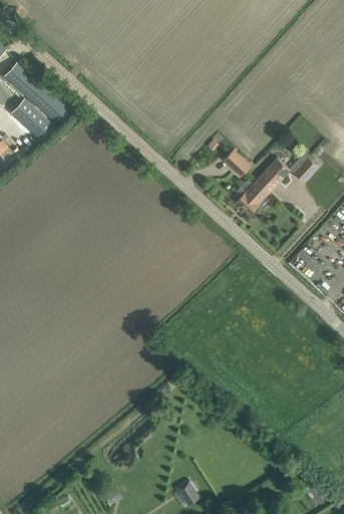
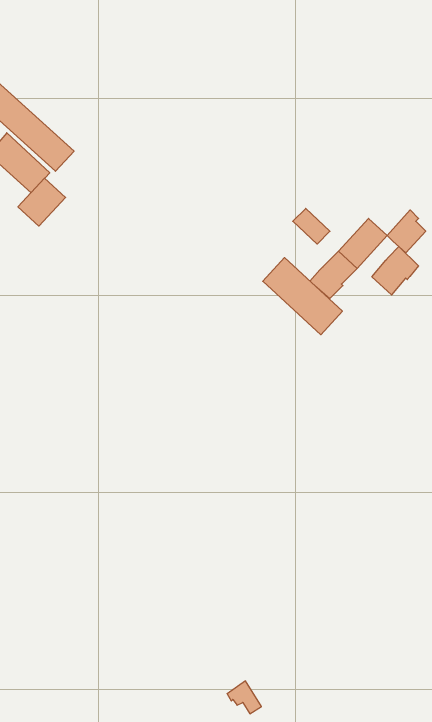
building: none -> [18,178,66,226]
building: none -> [372,247,419,295]
building: none -> [263,258,342,335]

